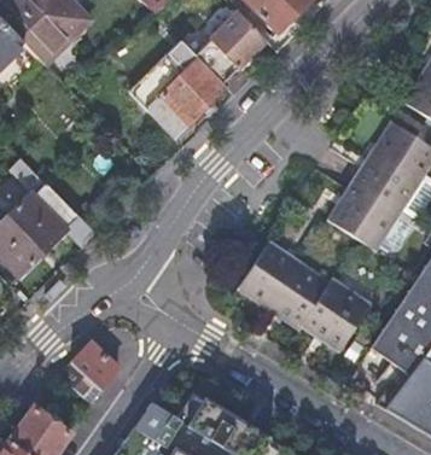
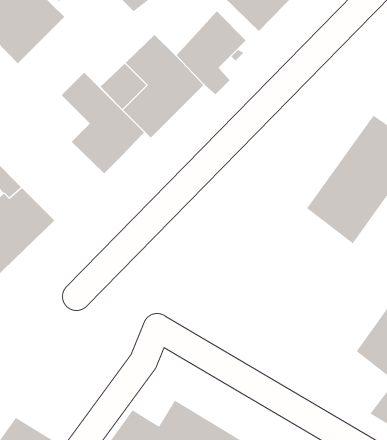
building: none -> [61,72,145,174]
building: [237,238,371,348] -> none
building: [62,343,127,402] -> none

